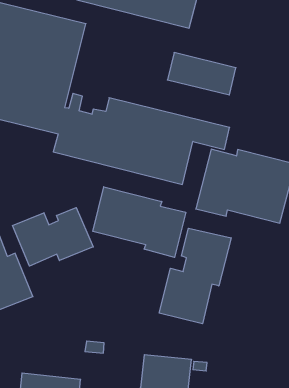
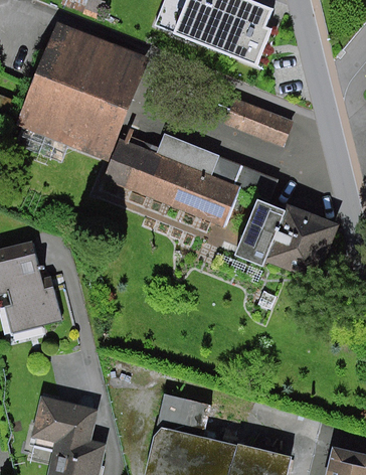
building: [93,187,186,257] -> none
building: [13,208,93,266] -> none
building: [159,228,231,324] -> none

